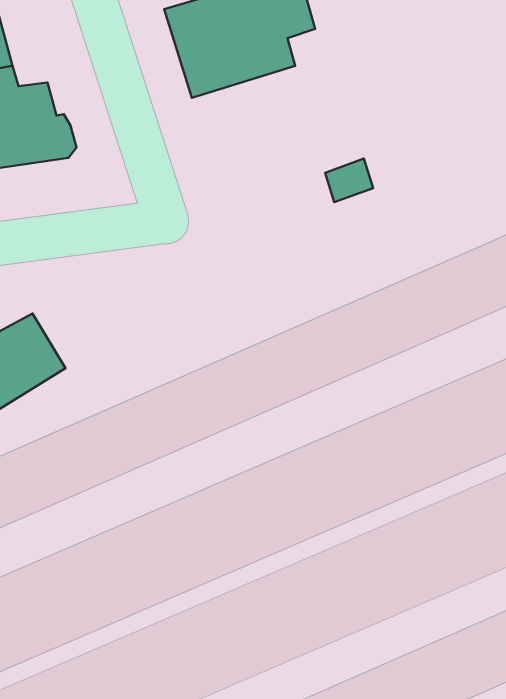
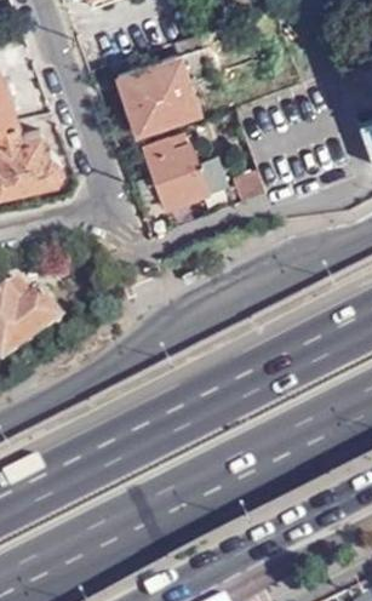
building: none -> [138,127,217,208]

